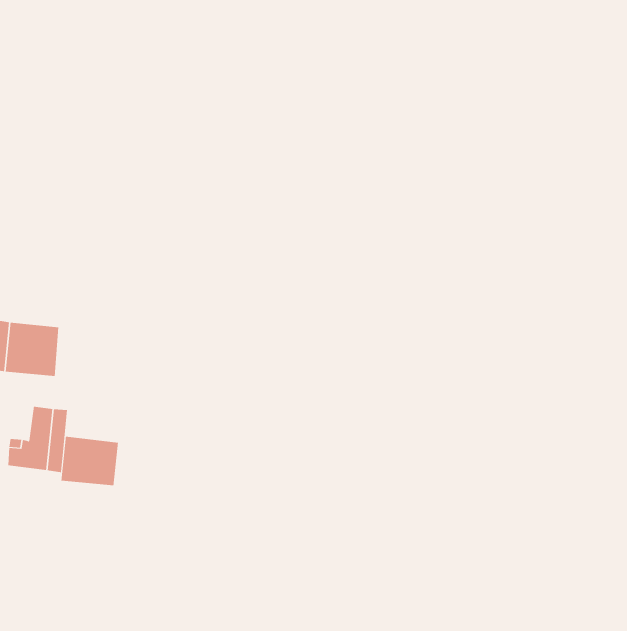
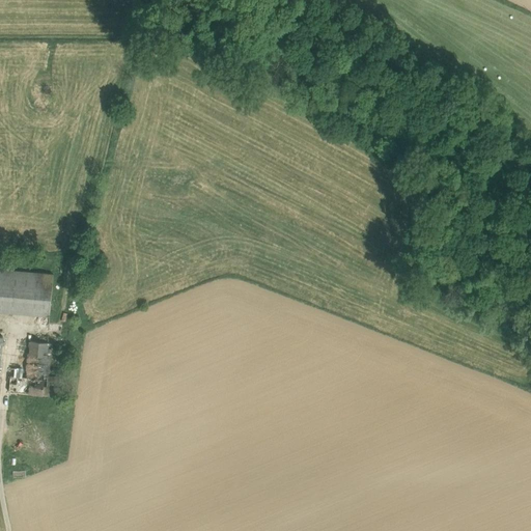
building: [61,436,118,486] -> none

